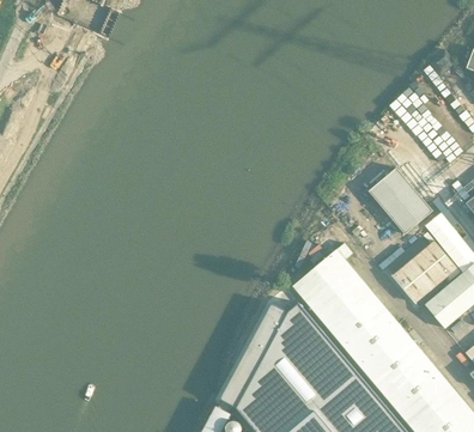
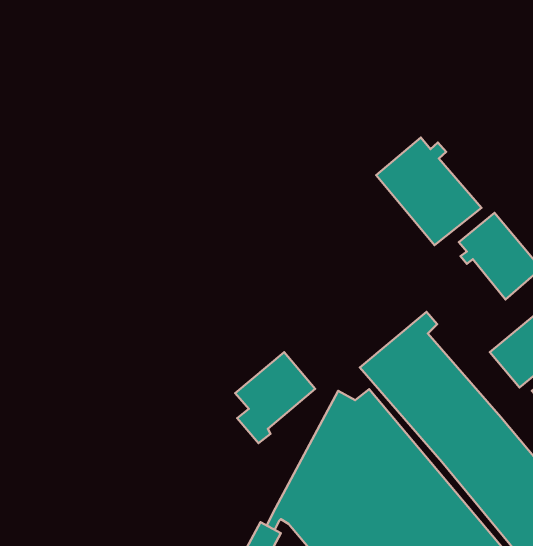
building: none -> [376,137,481,245]
building: none -> [235,352,315,443]

